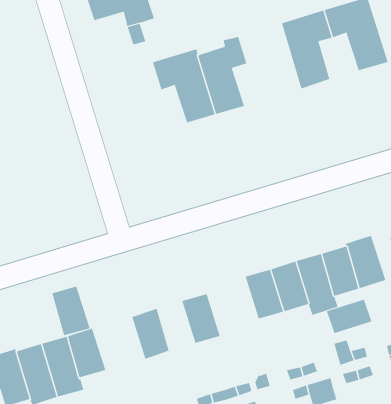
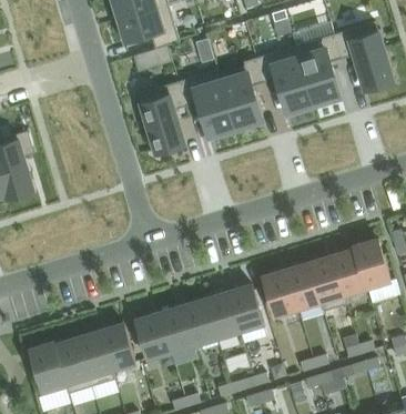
building: none -> [256,46,313,113]
building: none -> [138,81,185,152]
building: none -> [227,284,263,331]
building: [51,286,90,336] -> [135,313,171,359]
building: [326,299,372,334] -> none
building: none -> [182,299,216,344]

